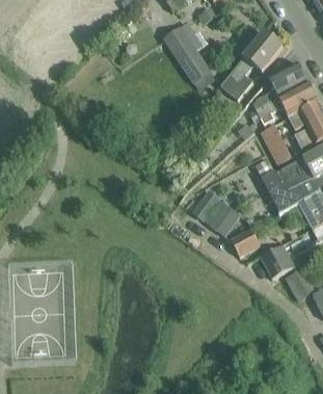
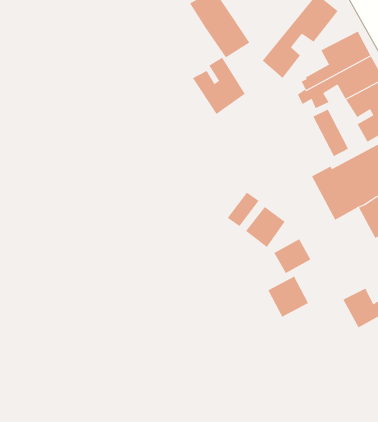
building: none -> [192,57,245,115]
building: [261,244,294,278] -> [267,276,309,317]

